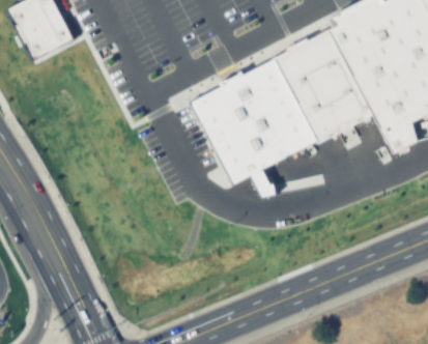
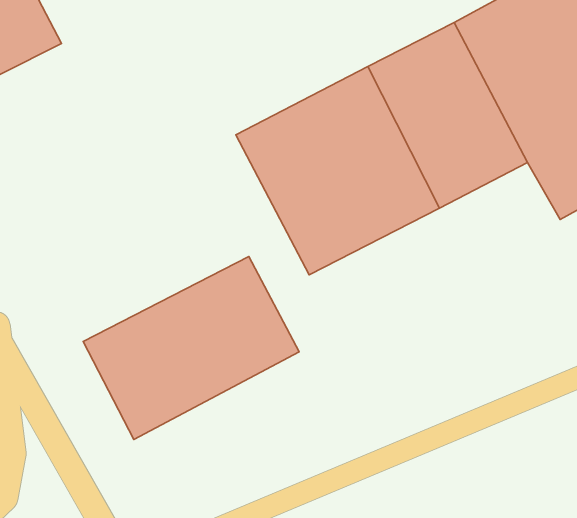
building: none -> [83,256,299,439]

